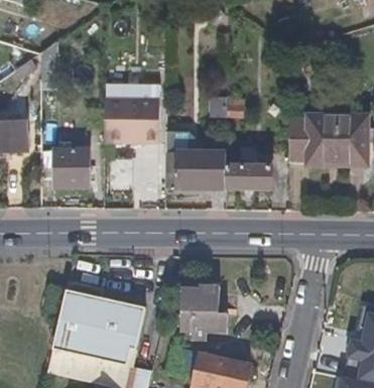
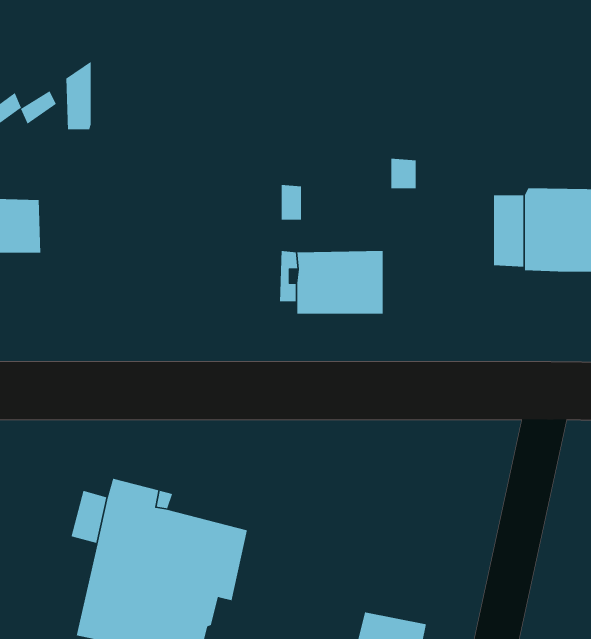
building: [104,97,158,140] -> none
building: [53,146,89,186] -> none
building: [225,163,270,187] -> none
building: [180,284,227,335] -> none

